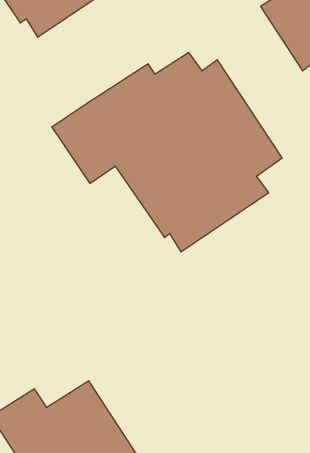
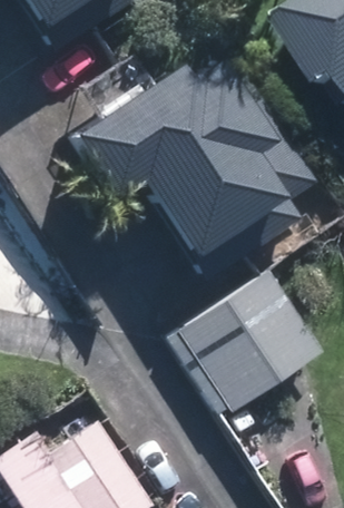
building: none -> [183,268,324,408]

